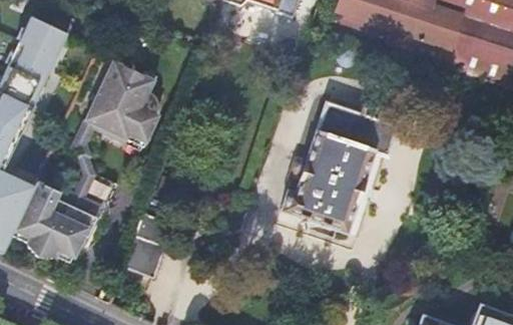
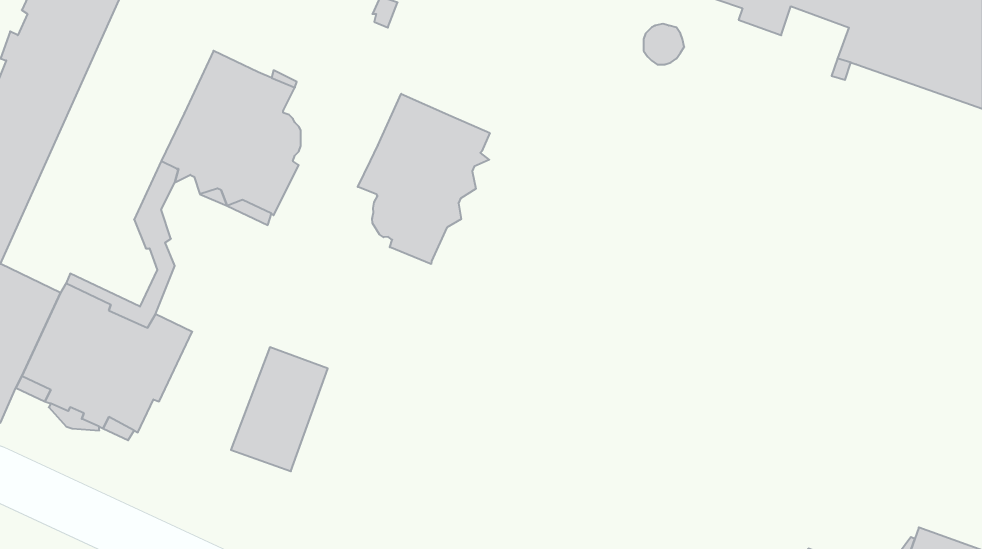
building: none -> [358,94,490,264]
building: [276,101,394,234] -> none

